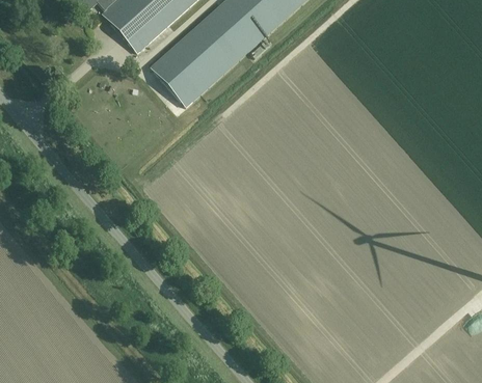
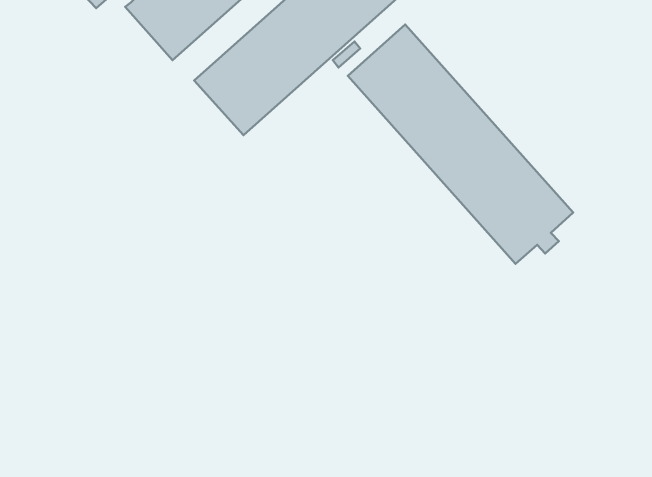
building: none -> [348,25,573,264]

